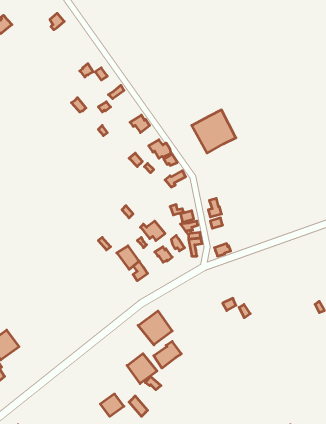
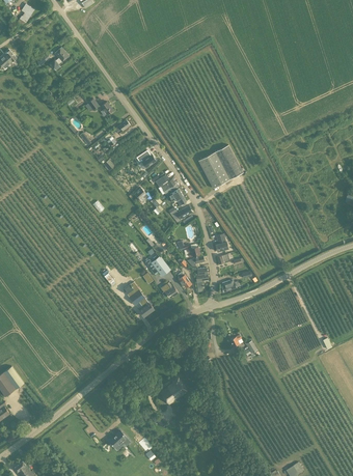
building: [138,311,172,345] -> none
building: [127,354,157,384] -> none

